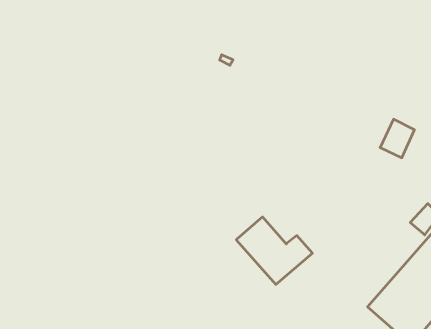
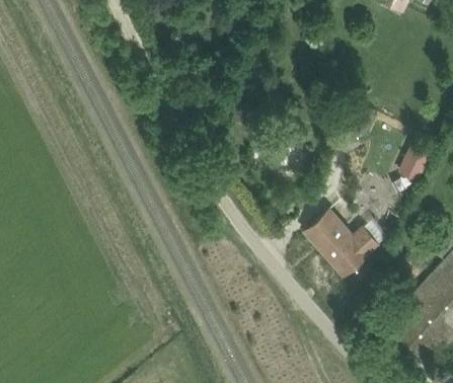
building: [236,217,312,284] -> [305,210,379,276]

